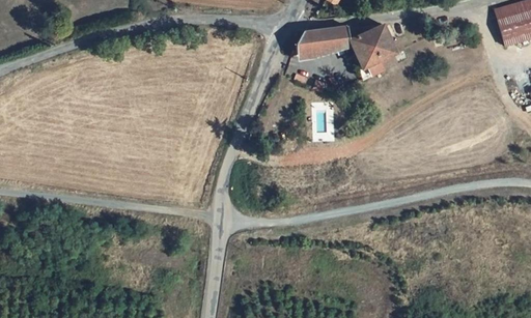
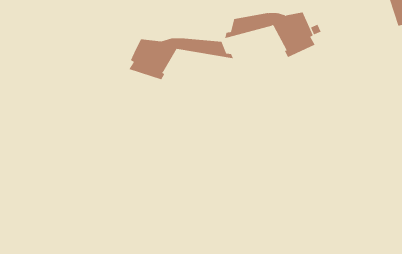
building: none -> [129,37,234,80]

